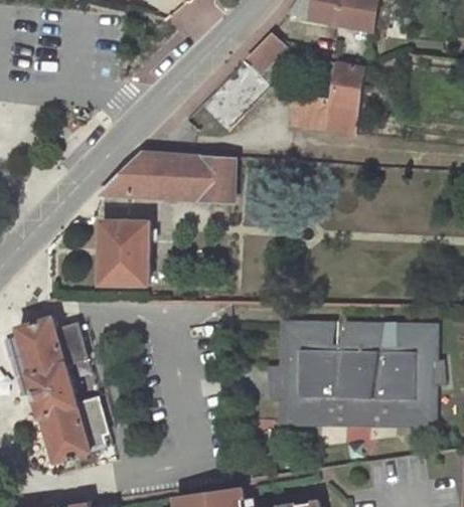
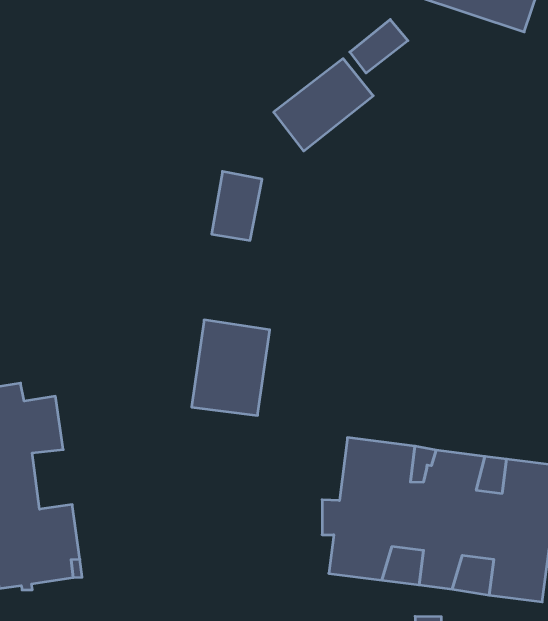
building: [290,59,362,135] -> none
building: [101,152,171,198] -> none
building: [196,156,233,201] -> none
building: [100,221,147,283] -> [192,320,270,415]

